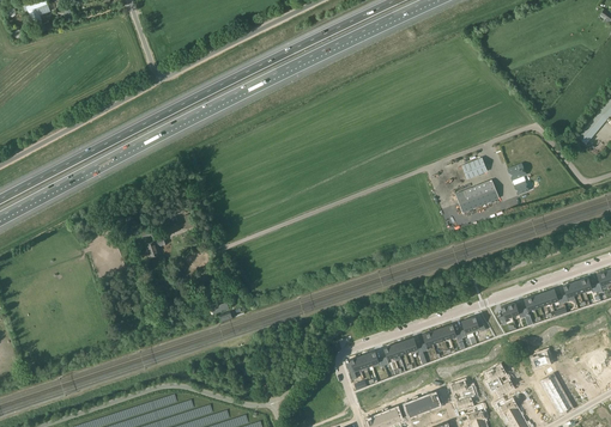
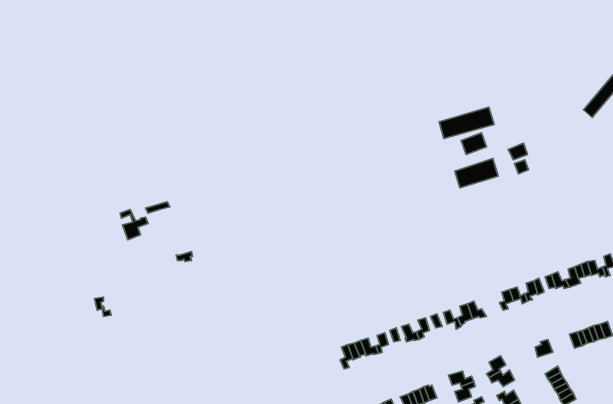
building: none -> [439,107,494,138]

